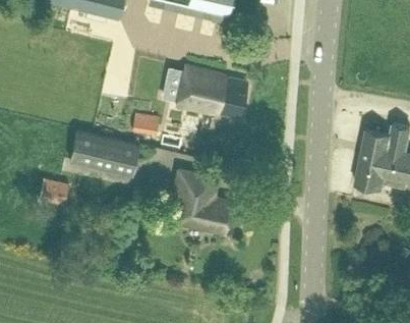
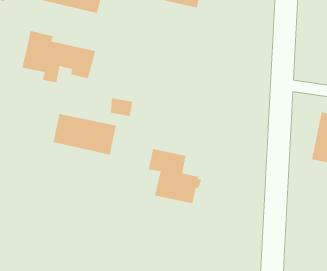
building: none -> [22,30,96,83]
building: [175,67,247,119] -> none
building: [40,178,68,206] -> none

